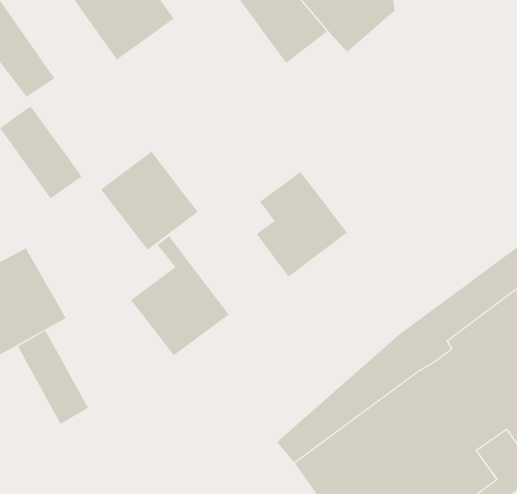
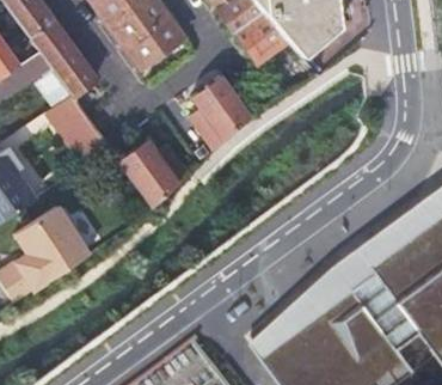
building: [256,171,348,278] -> [191,67,259,146]
building: [130,235,230,356] -> none
building: [17,330,89,425] -> none

